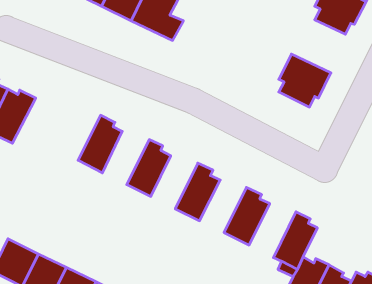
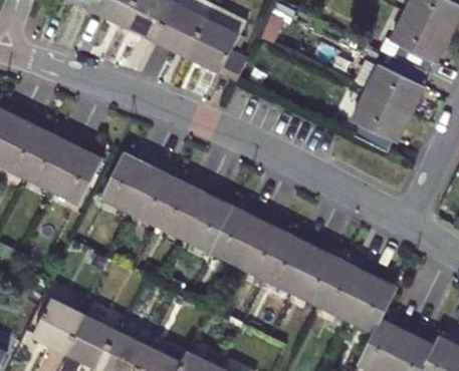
building: none -> [366,55,426,114]
building: none -> [54,142,103,206]
building: none -> [99,152,153,212]
building: none -> [155,179,207,239]
building: none -> [209,207,261,266]
building: none -> [263,234,315,292]
building: none -> [318,260,371,320]

